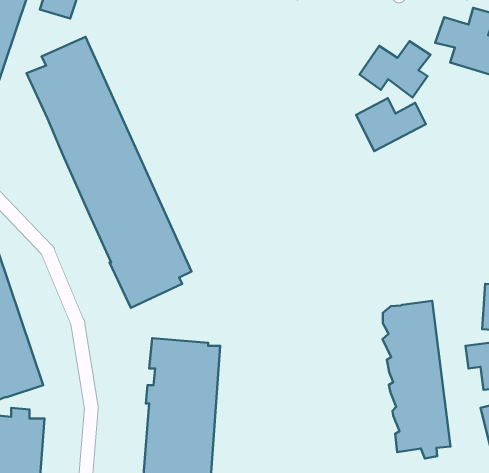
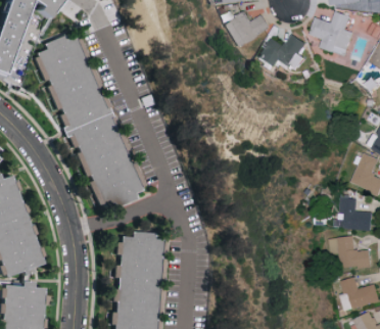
building: [356,98,426,151] -> [224,11,271,47]
building: [383,301,450,458] -> none

